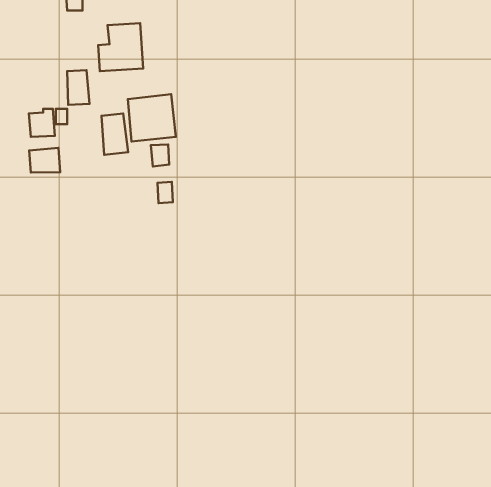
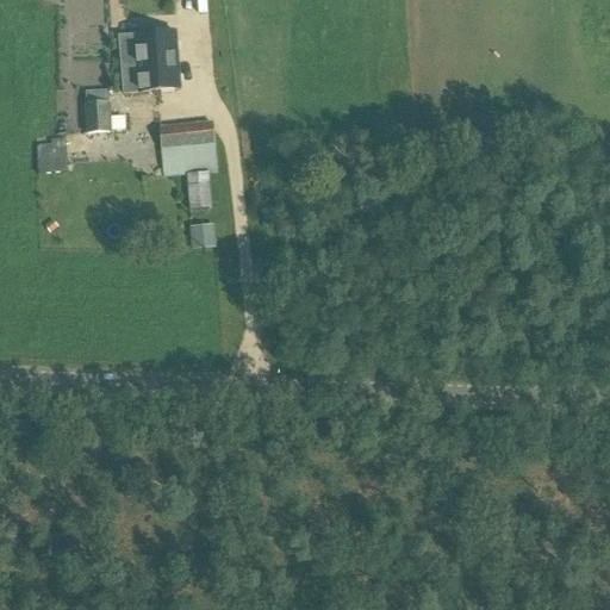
building: [101,113,128,155] -> none
building: [29,148,60,173] -> none

